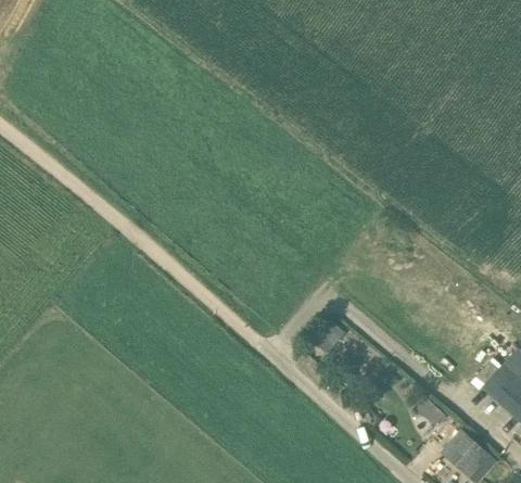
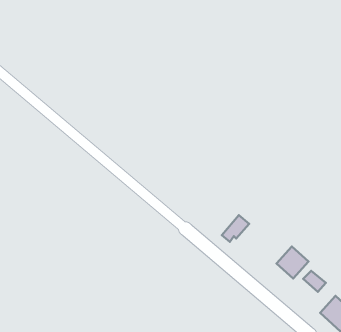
building: none -> [277,247,308,279]

